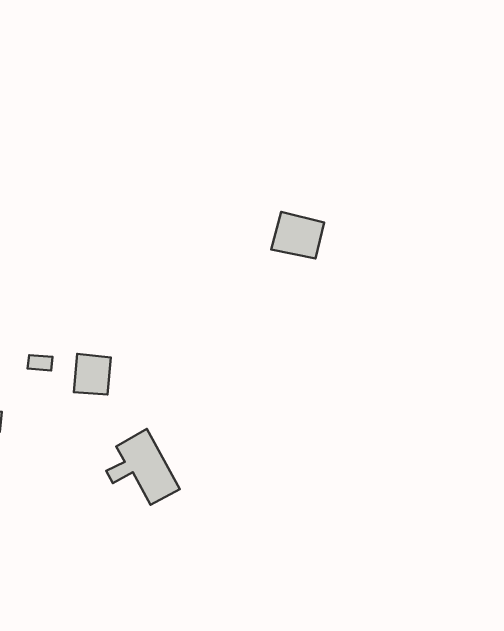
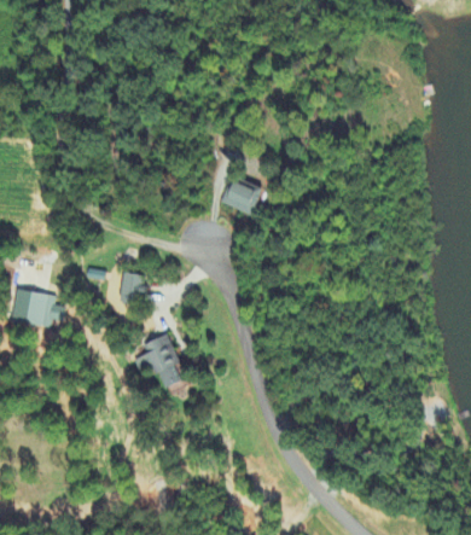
building: [271,212,324,259] -> [222,176,263,214]

